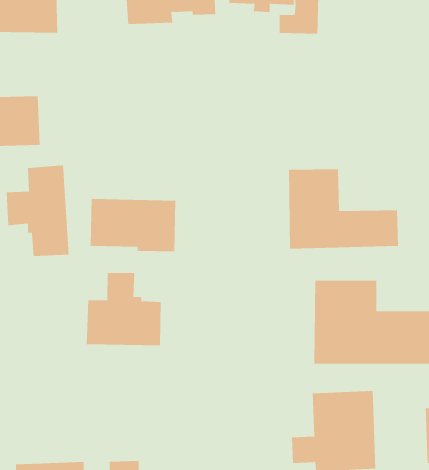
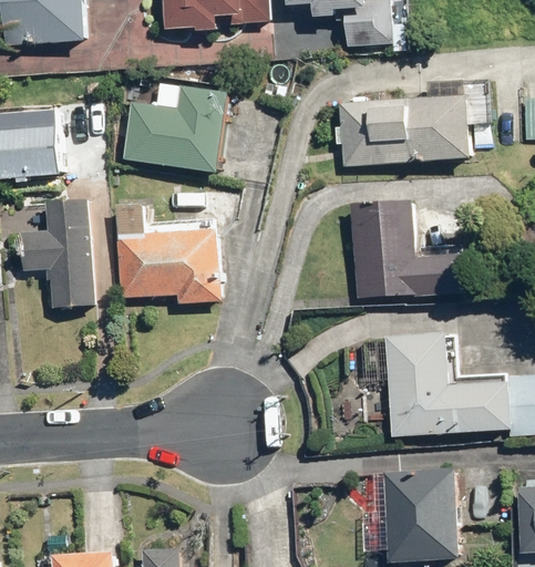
building: none -> [123,86,229,174]
building: none -> [338,99,469,163]
building: [86,272,161,346] -> none

